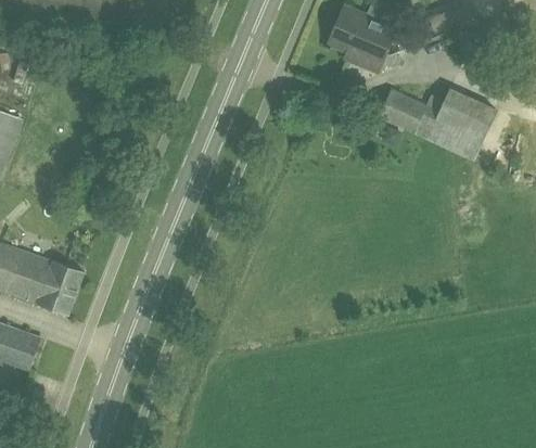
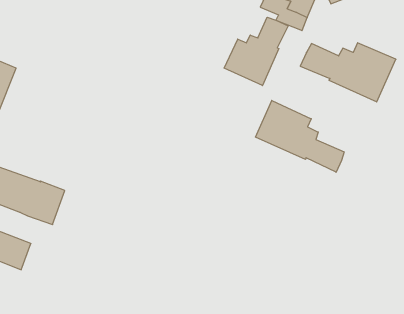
building: none -> [224,17,288,86]
building: none -> [255,100,344,172]

